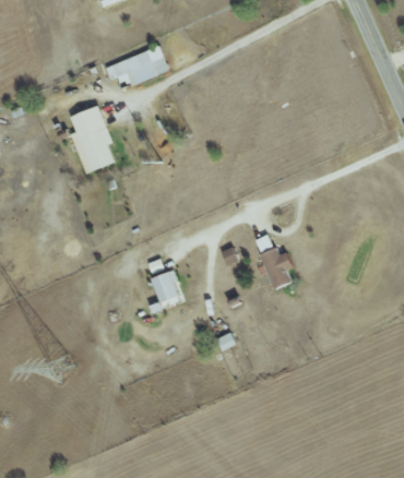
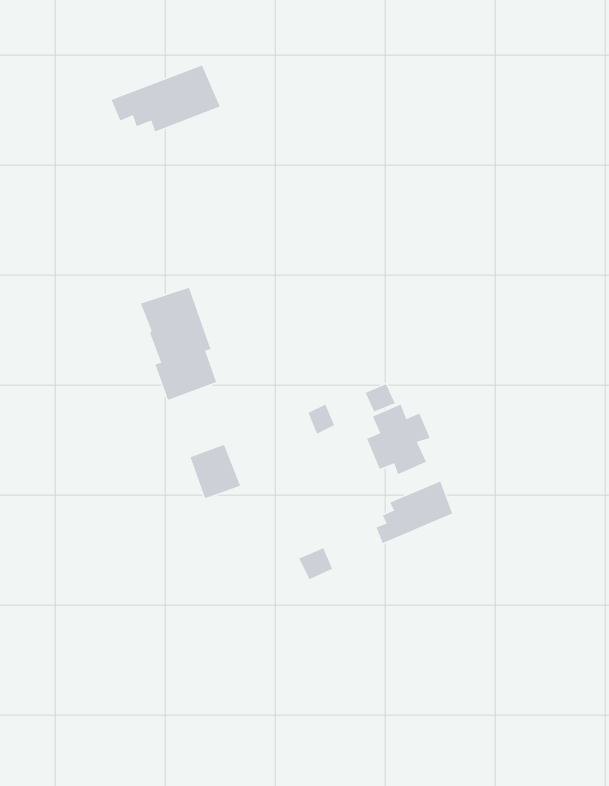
building: [69,106,115,174] -> [140,287,217,401]
building: none -> [375,480,453,544]

